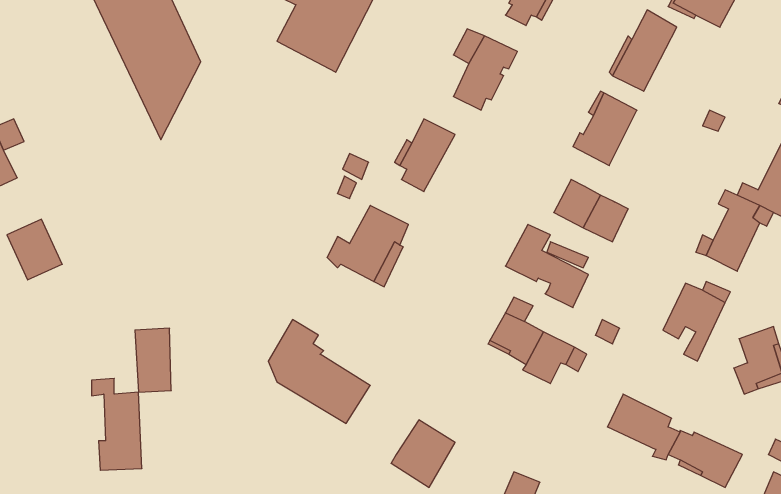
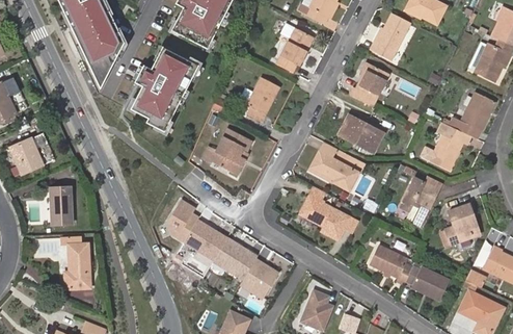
building: none -> [131,48,198,133]
building: [135,328,171,392] -> [50,186,72,225]
building: none -> [213,238,256,280]

